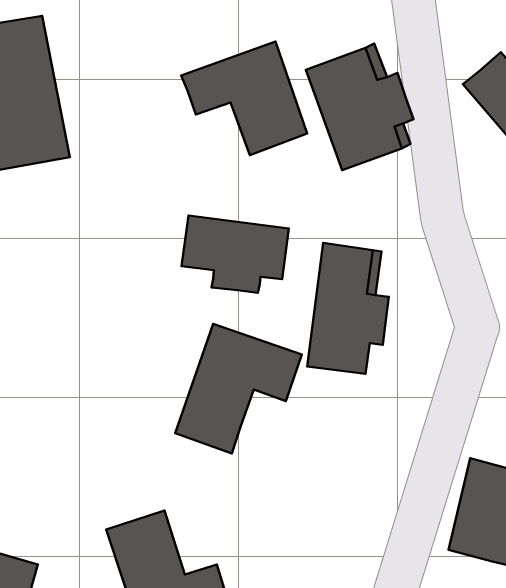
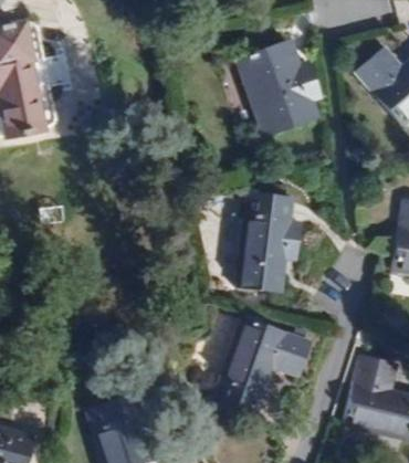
building: [181,41,307,155] -> none
building: [182,216,289,293] -> none
building: [175,324,302,453] -> [213,318,310,417]

